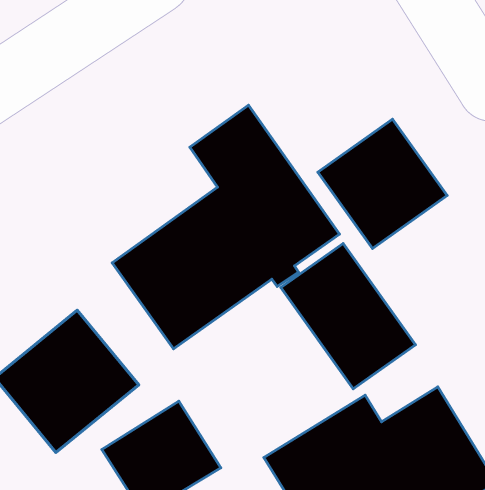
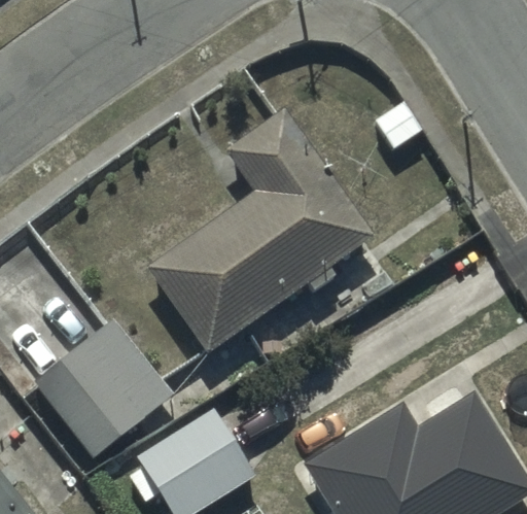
building: [318,119,447,249] -> none
building: [281,244,416,389] -> none

